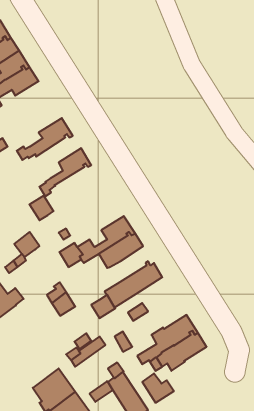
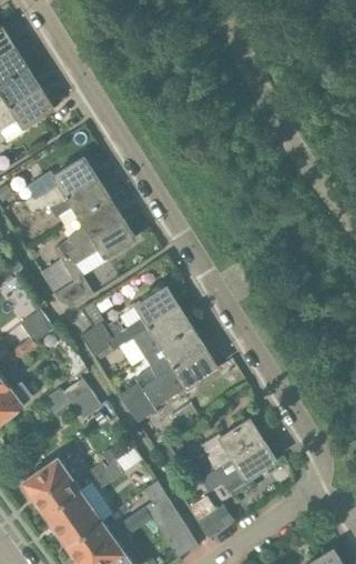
building: none -> [50,179,110,218]
building: none -> [54,218,135,306]
building: none -> [135,328,206,387]
building: none -> [21,459,80,515]

